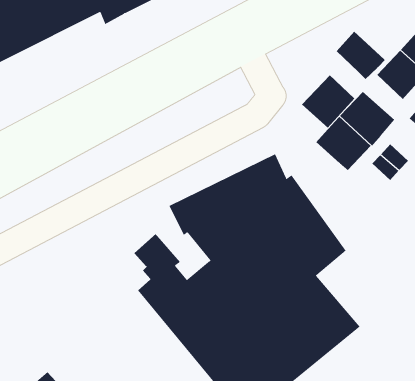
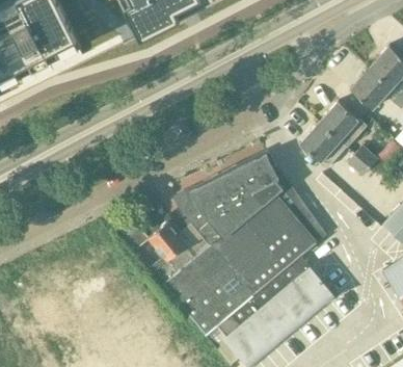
building: [336,31,386,80] -> none
building: [301,75,355,128] -> none

